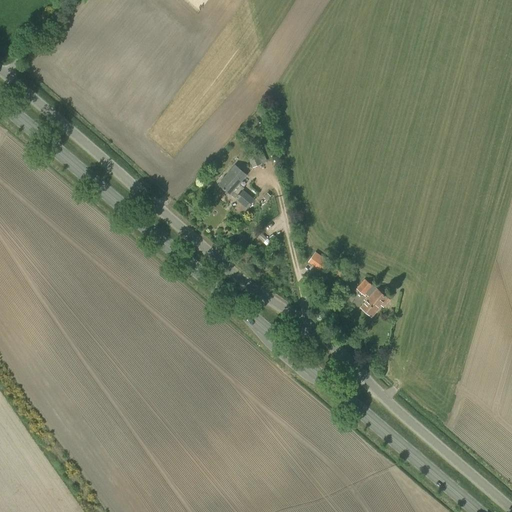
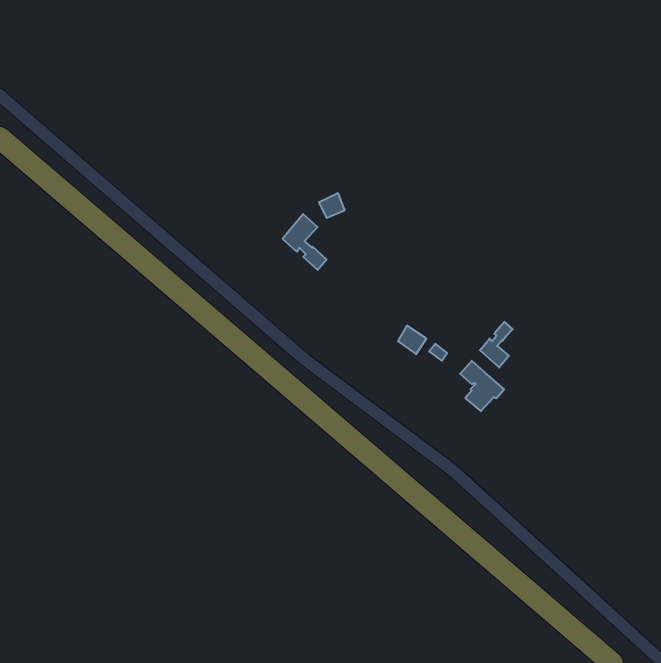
building: none -> [480,322,513,368]

